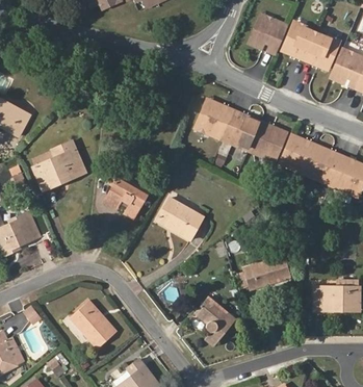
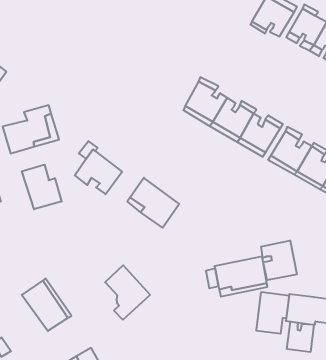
building: none -> [22,165,62,209]
building: none -> [261,240,297,280]
building: none -> [256,292,289,334]
building: [193,295,236,345] -> [105,265,150,320]
building: none -> [287,322,314,352]

